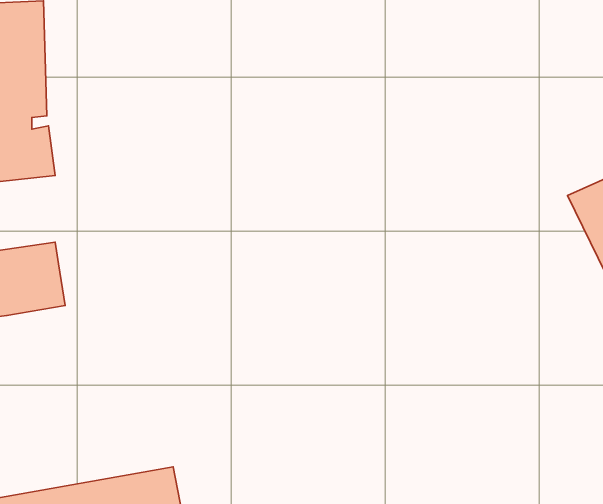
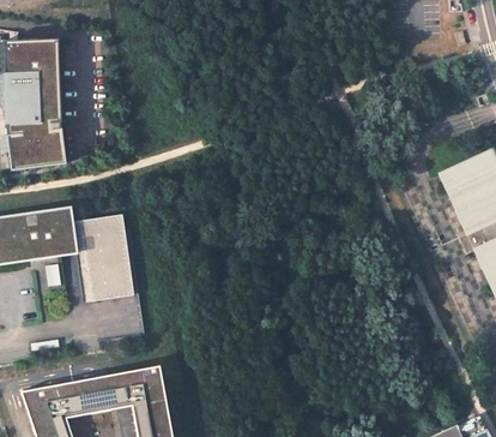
building: none -> [71,216,134,301]

